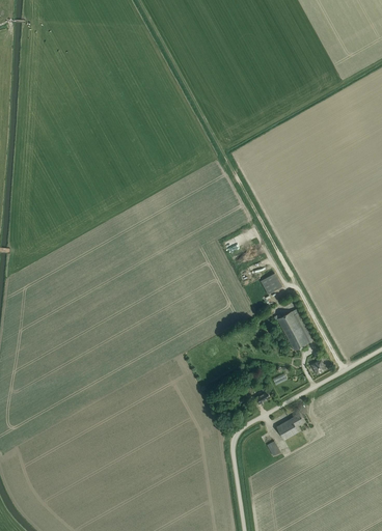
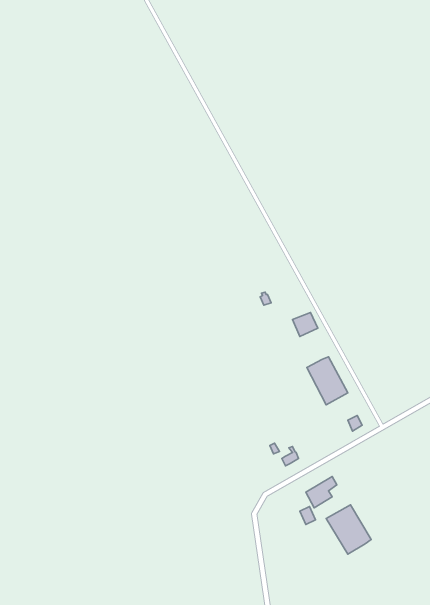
building: none -> [326,505,371,554]

